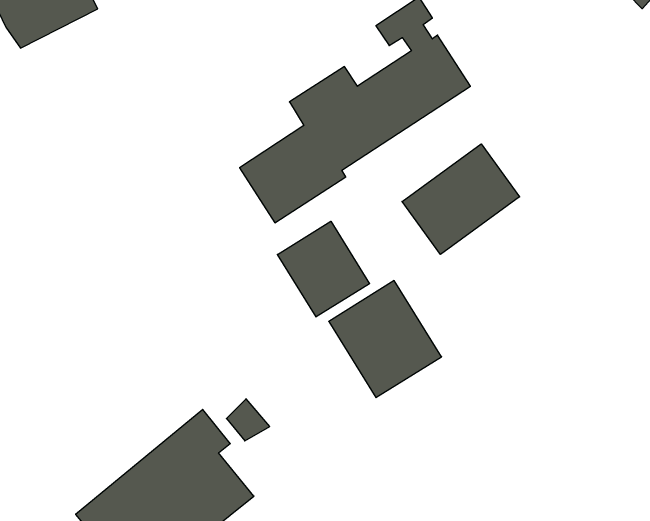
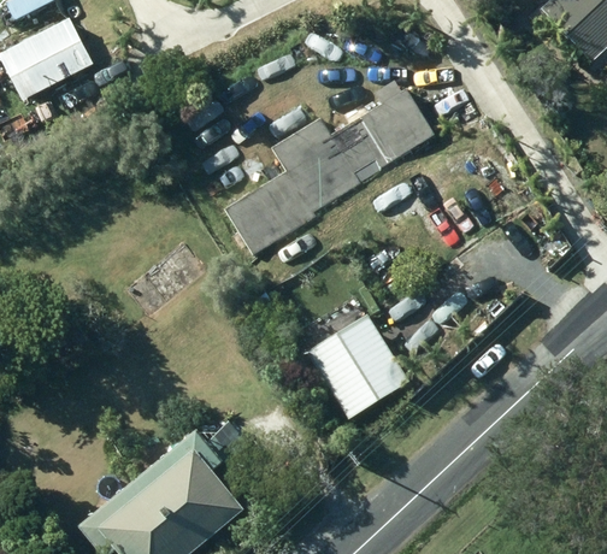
building: [402,144,520,254] -> none
building: [277,221,370,317] -> none

